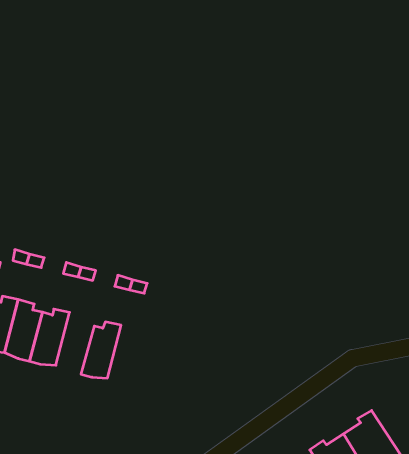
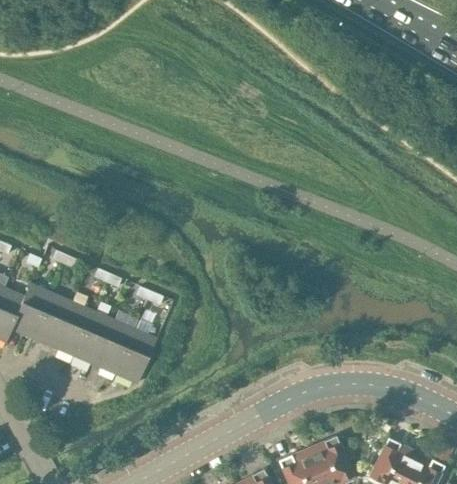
building: none -> [73,310,111,364]
building: none -> [115,328,153,383]

